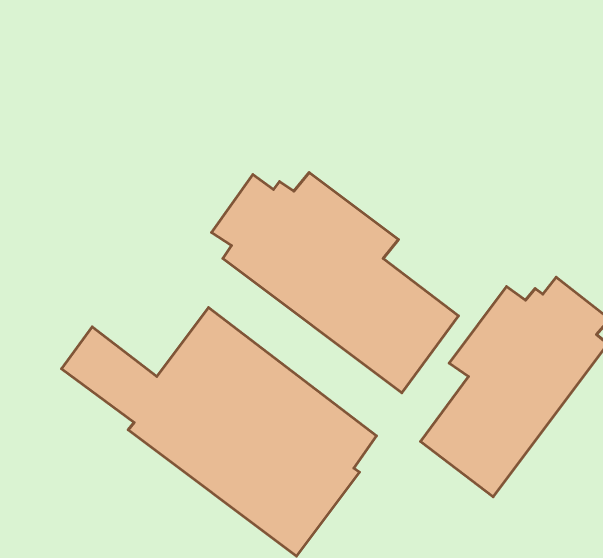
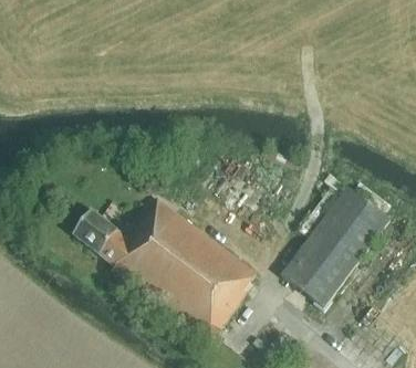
building: [212,172,458,393] -> none

